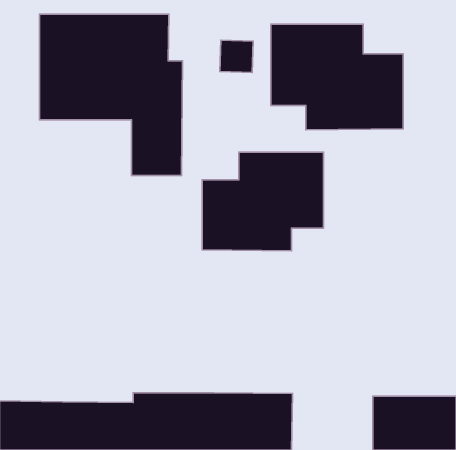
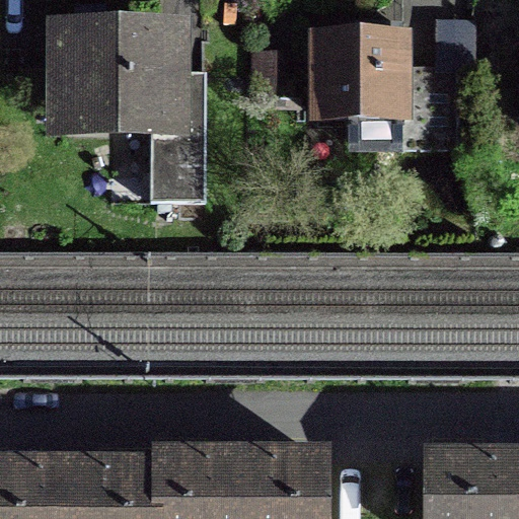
building: [202,152,323,251] -> none

